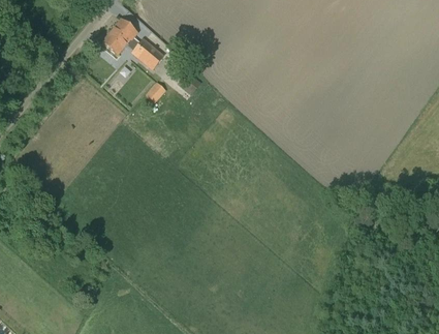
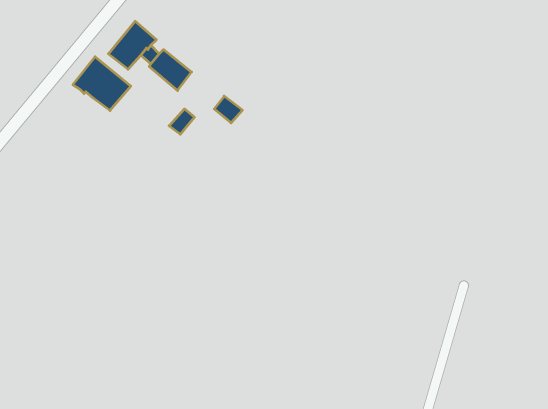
building: none -> [73,57,131,111]

